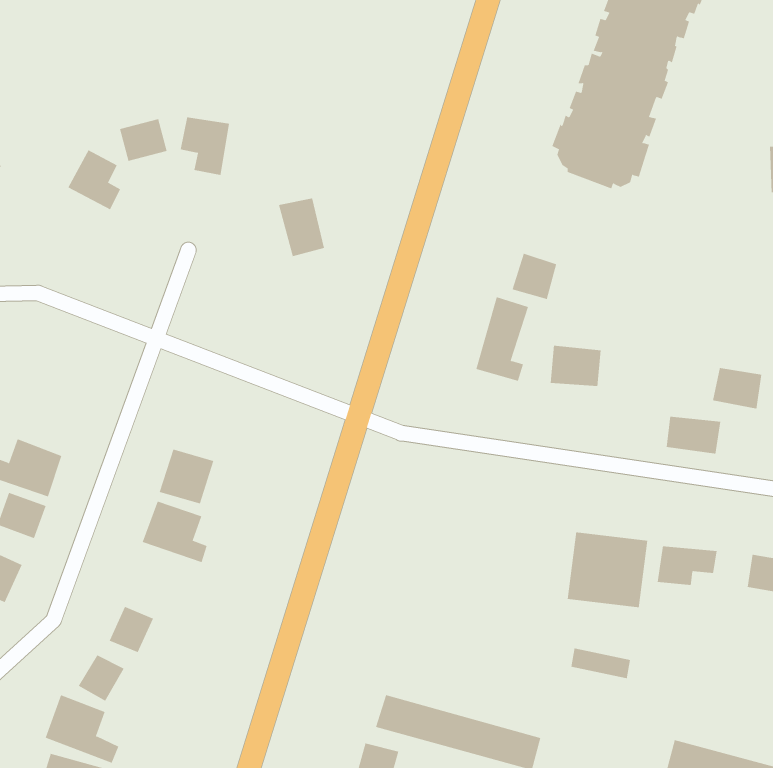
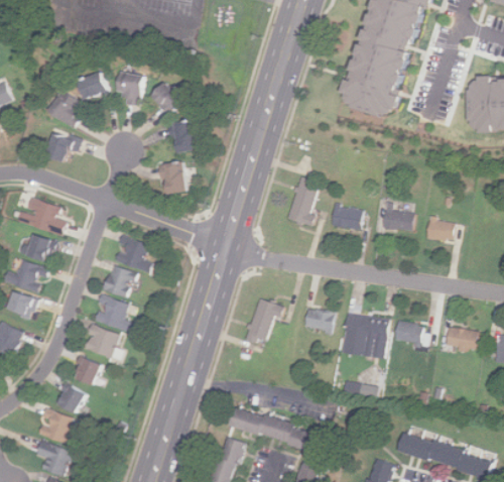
building: none -> [153,82,183,112]
building: none -> [48,131,82,162]
building: [512,253,557,300] -> none
building: none -> [162,163,186,193]
building: none -> [18,201,68,236]
building: none -> [20,234,56,262]
building: none -> [116,235,153,272]
building: [666,416,721,454] -> [383,209,415,231]
building: none -> [247,298,284,346]
building: none -> [305,309,336,332]
building: none -> [85,325,119,357]

